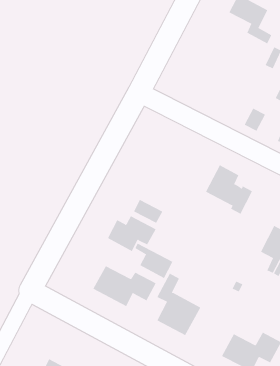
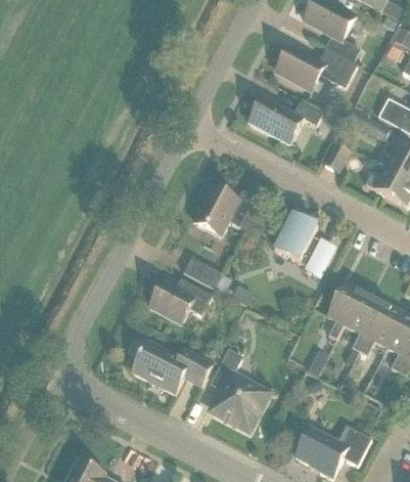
building: none -> [276,47,356,90]
building: none -> [248,96,322,144]
building: none -> [195,187,256,234]
building: none -> [327,281,361,339]
building: [135,243,173,279] -> none

